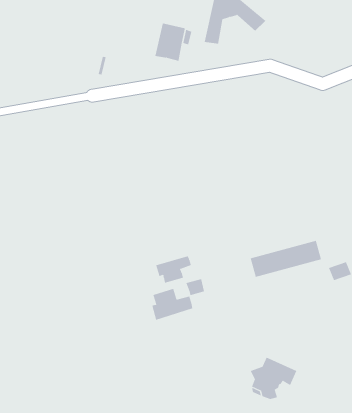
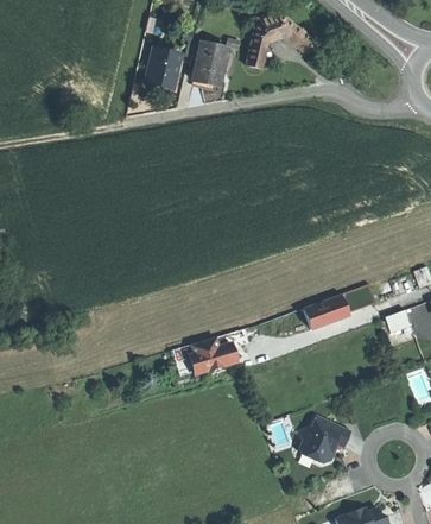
building: none -> [145,50,182,90]
building: [155,255,192,284] -> none

